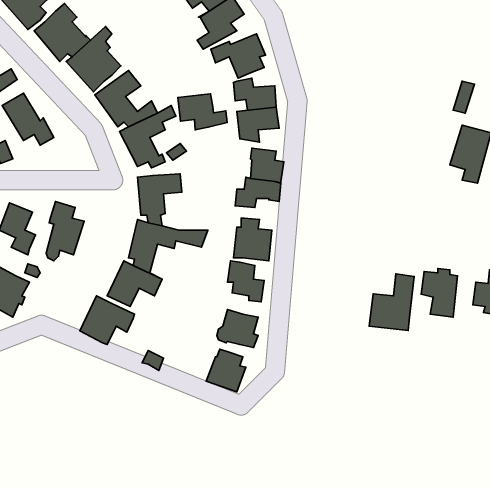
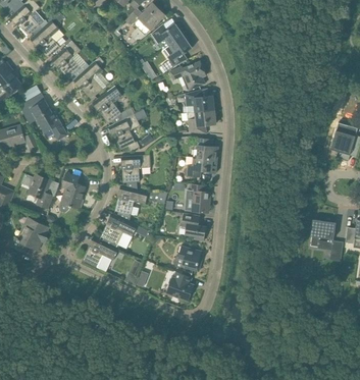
building: [178,94,227,130] -> none
building: [369,274,414,330] -> none

